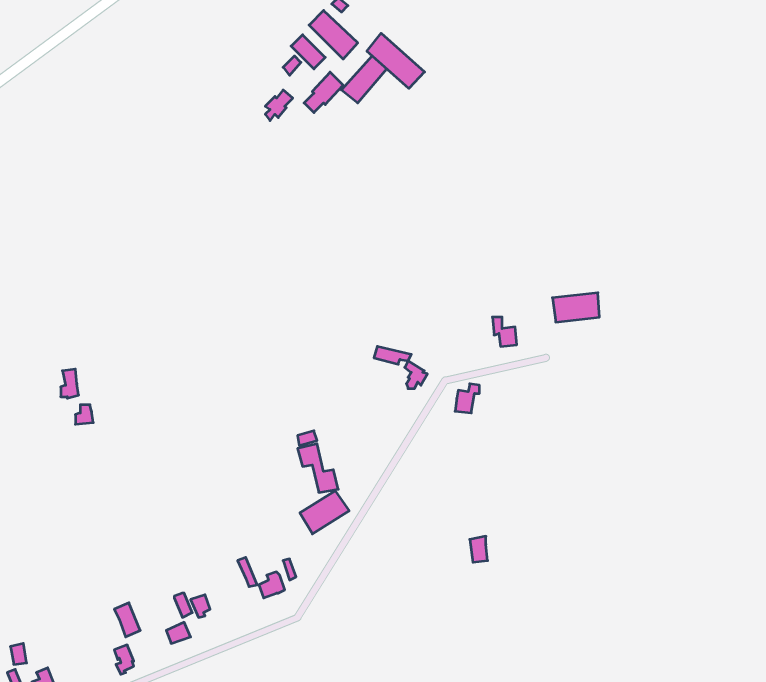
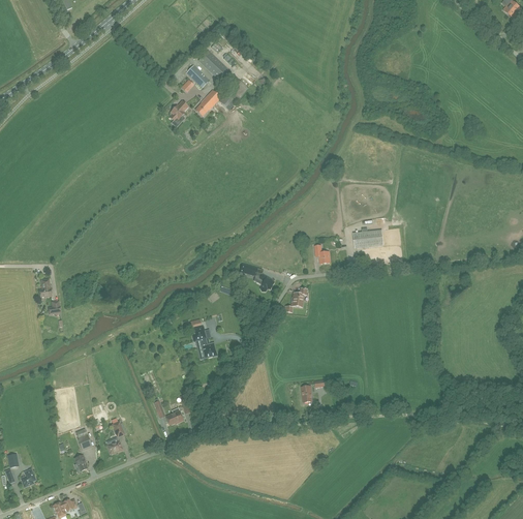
building: [367,33,425,88] -> none
building: [300,491,349,534] -> none

